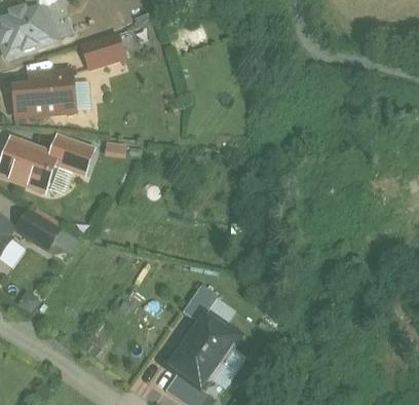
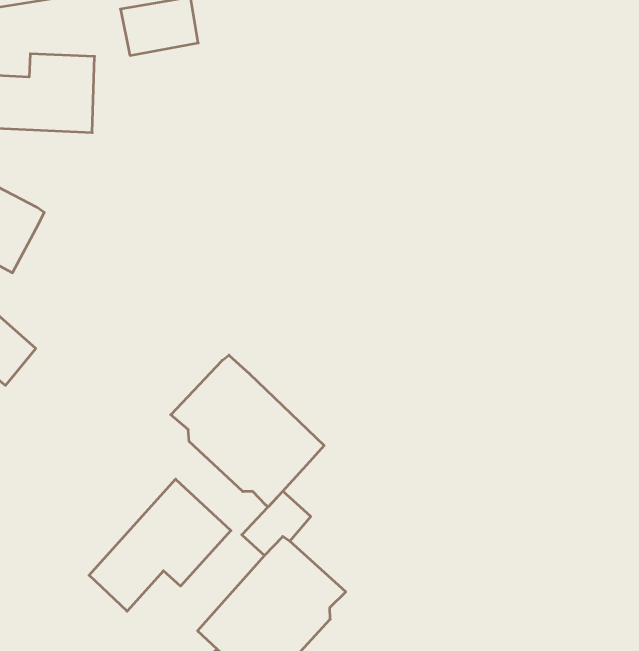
building: [51,137,92,174] -> none
building: none -> [171,355,324,507]
building: none -> [89,479,231,611]

